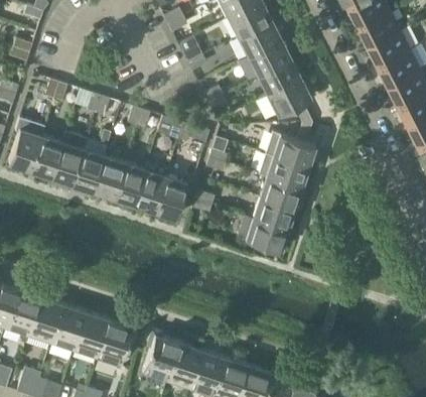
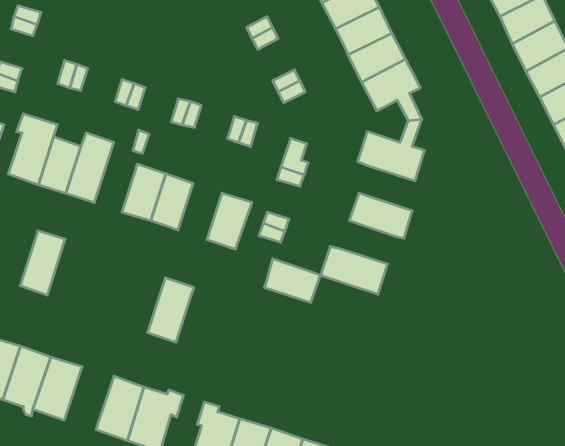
building: [68,150,102,197] -> [20,231,65,295]
building: [257,154,306,188] -> none
building: [132,164,166,212] -> [147,278,194,342]
building: [252,197,293,230] -> [264,259,321,302]
building: [48,305,85,352] -> none

